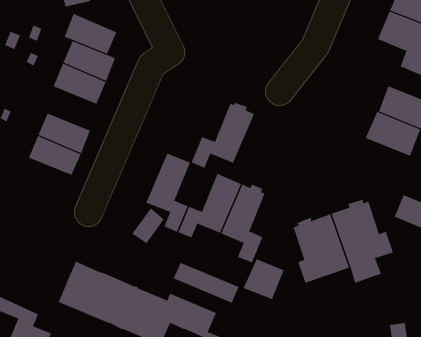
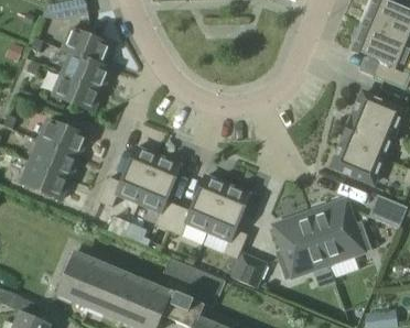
building: [191,102,255,168] -> [98,144,158,206]
building: none -> [333,142,384,183]
building: none -> [20,160,69,198]

